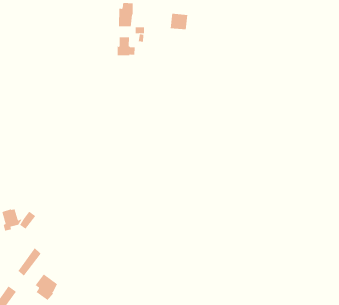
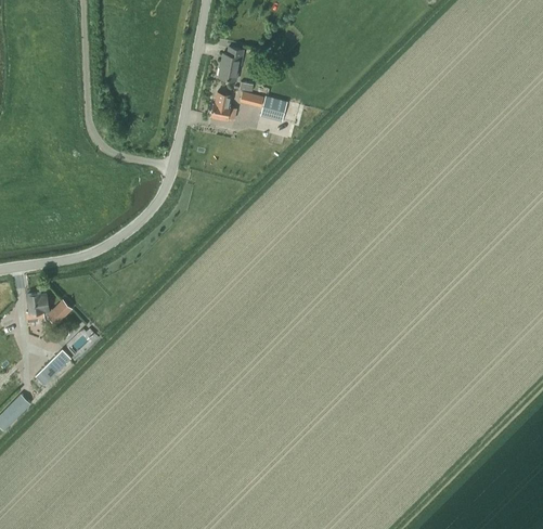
building: [170,13,188,30] -> [260,96,287,121]
building: [35,274,58,301] -> none

